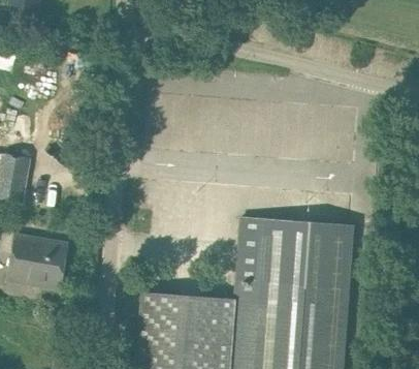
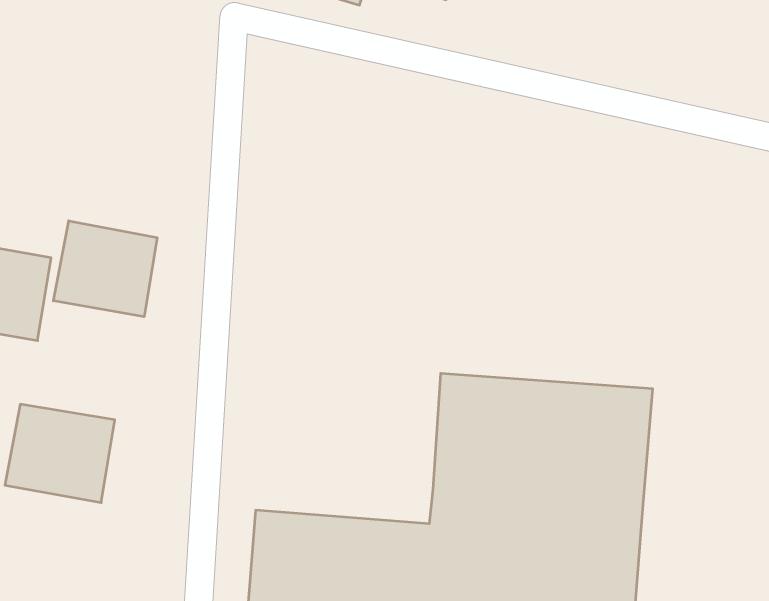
building: none -> [53,221,157,317]

